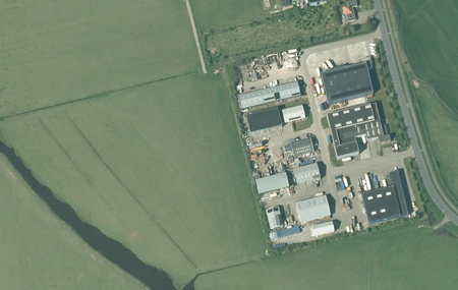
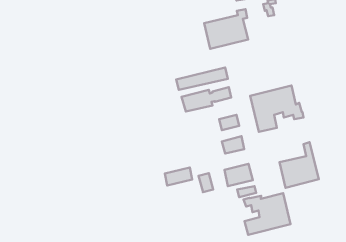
building: [321,57,373,104] -> [204,9,248,49]
building: [255,172,288,193] -> [165,168,192,186]
building: none -> [244,193,291,235]

